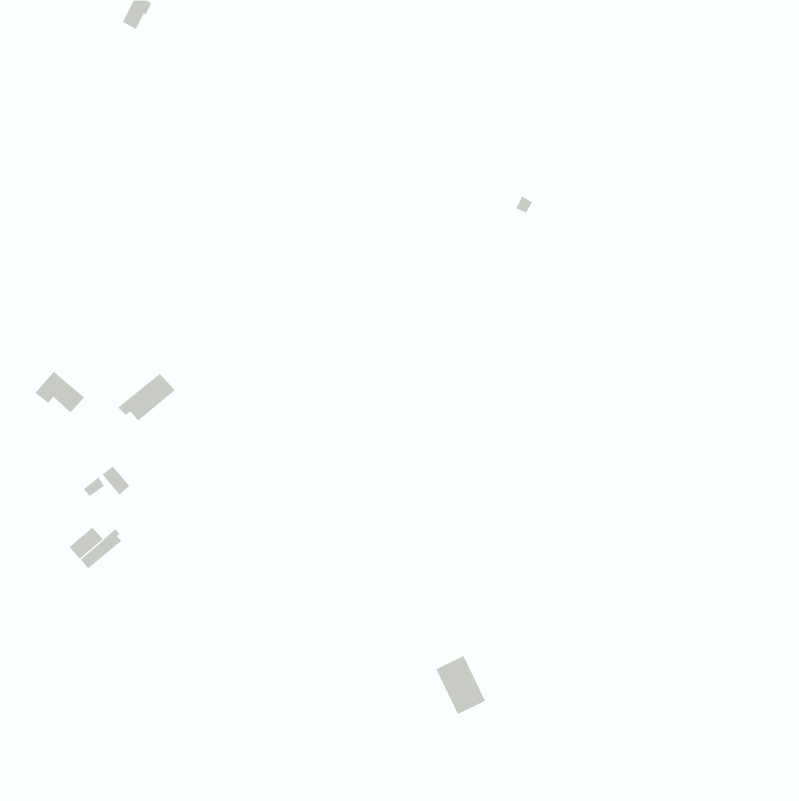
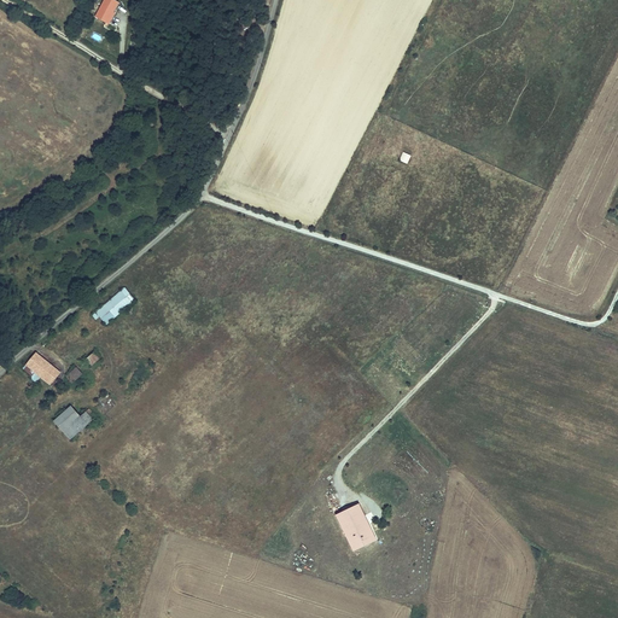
building: [35,371,85,413] -> [23,352,62,385]

